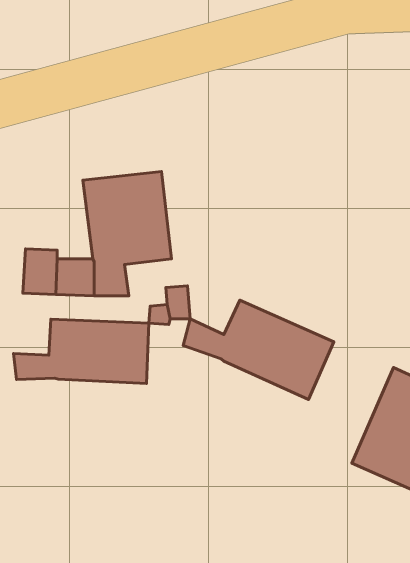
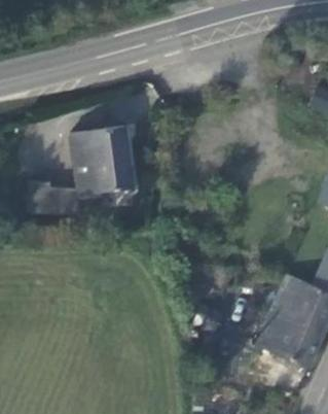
building: [183,300,334,399] -> none
building: [13,319,149,383] -> none

